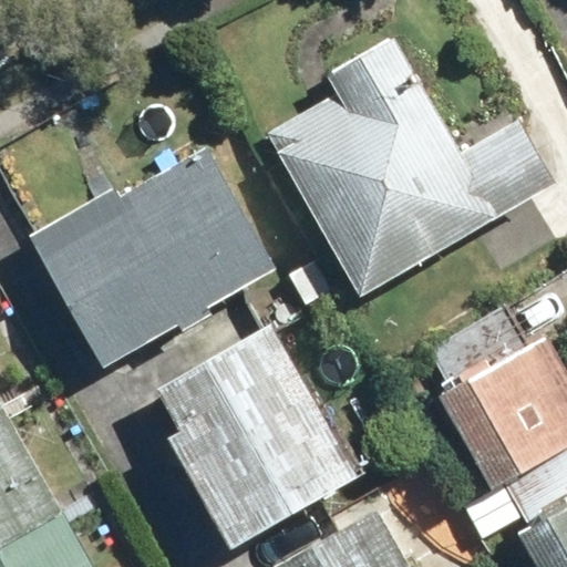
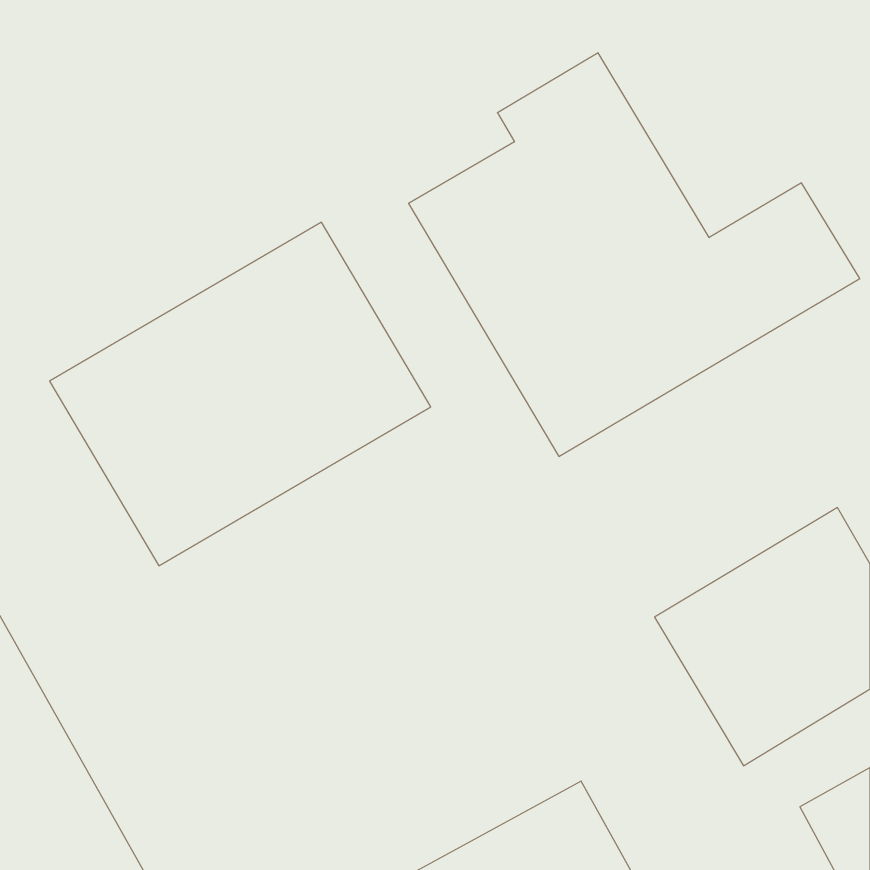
building: [157,324,361,549] -> none

